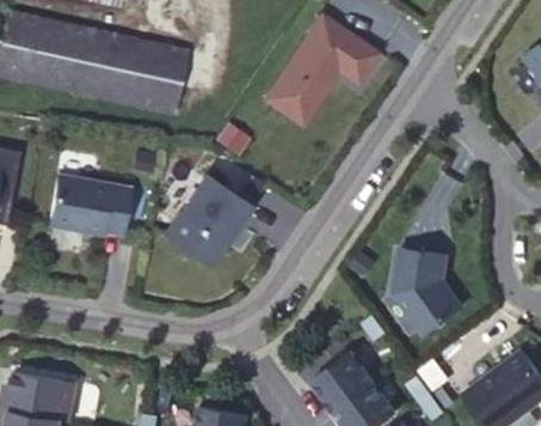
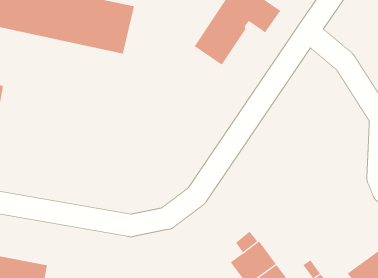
building: [50,176,131,236] -> none
building: [167,176,252,267] -> none
building: [394,249,463,330] -> none

